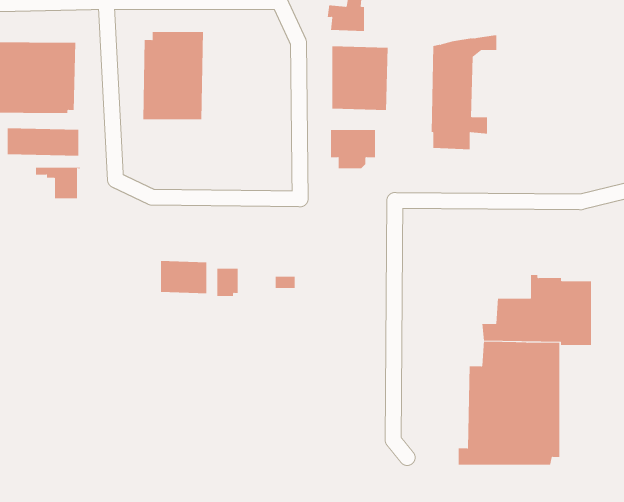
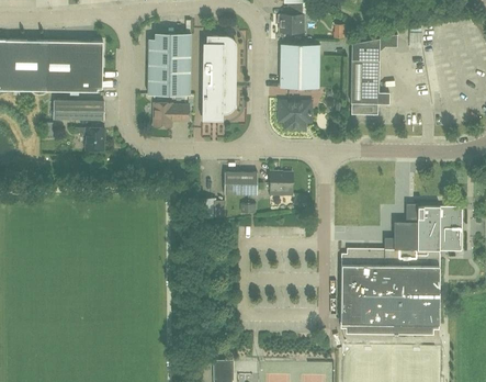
building: none -> [201,34,236,120]
building: none -> [154,102,189,127]
building: none -> [269,172,292,195]
building: [160,261,207,294] -> [224,171,257,194]
building: none -> [340,248,385,335]

